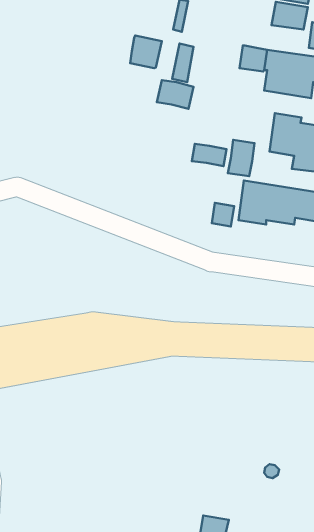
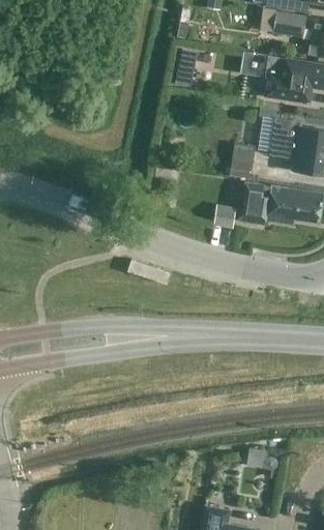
building: [130,35,162,68] -> none
building: [157,80,194,109] -> none
building: [192,144,226,166] -> none

